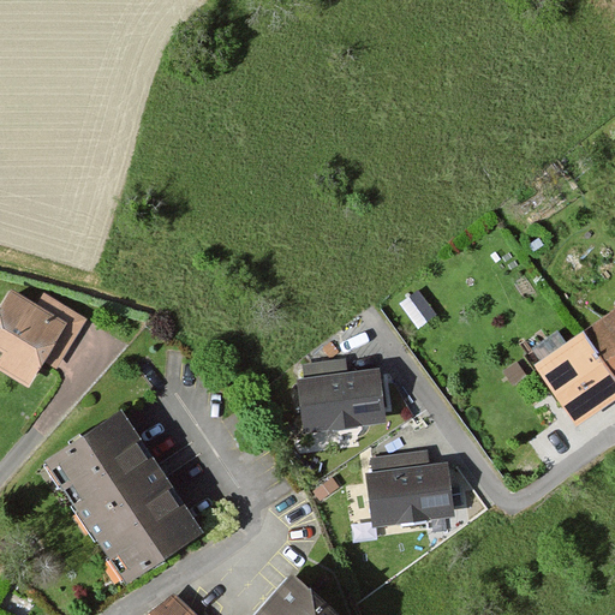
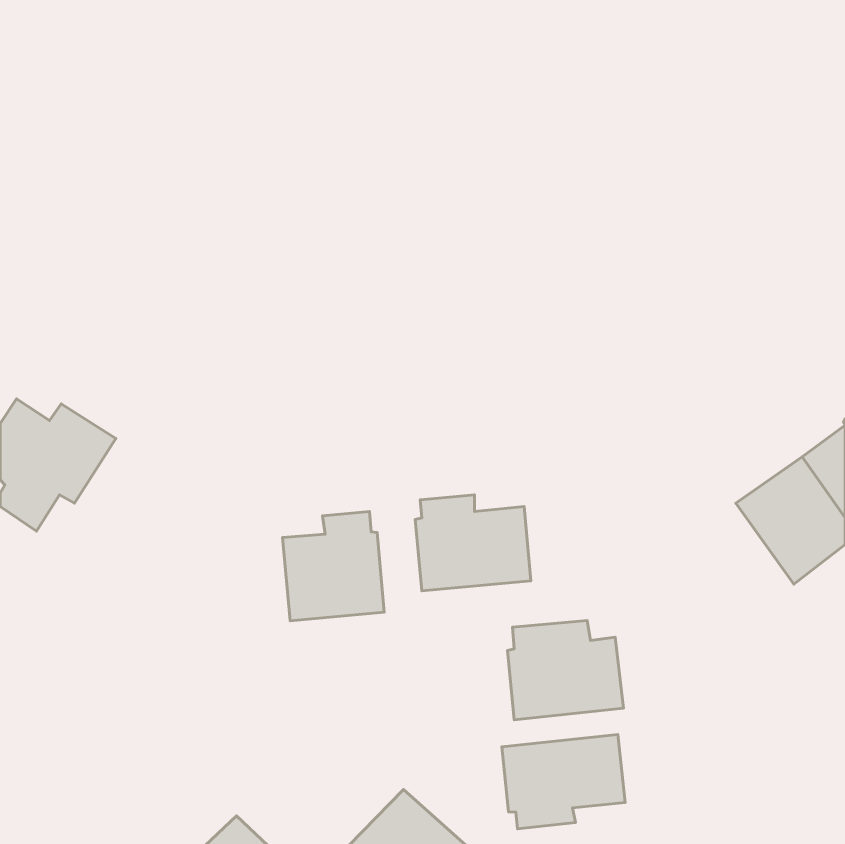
building: none -> [282,512,384,621]
building: [44,411,201,580] -> none
building: none -> [502,734,625,829]

